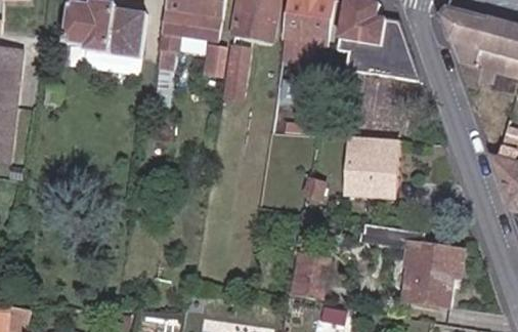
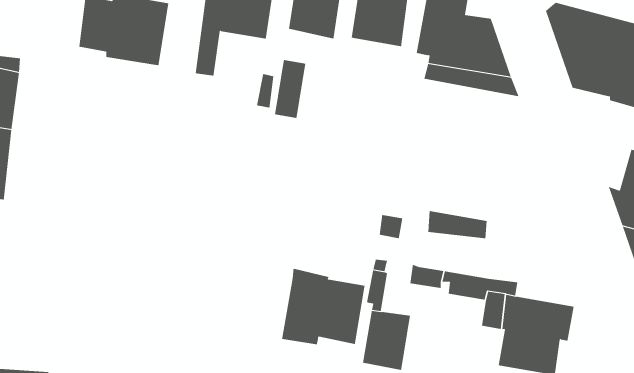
building: [347,136,397,181] -> none
building: none -> [282,268,365,345]

